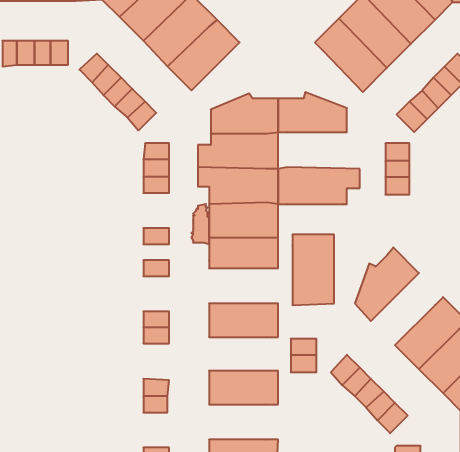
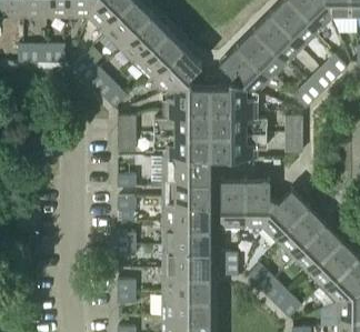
building: none -> [151,46,202,92]
building: none -> [219,46,270,91]
building: none -> [211,108,268,133]
building: none -> [250,179,274,227]
building: none -> [163,202,211,227]
building: none -> [276,205,326,255]
building: none -> [163,250,211,273]
building: none -> [163,296,211,321]

